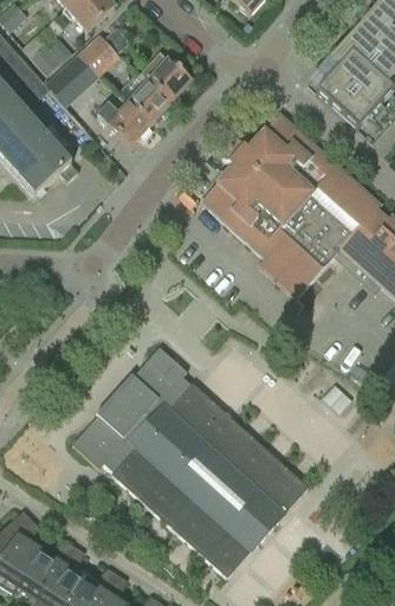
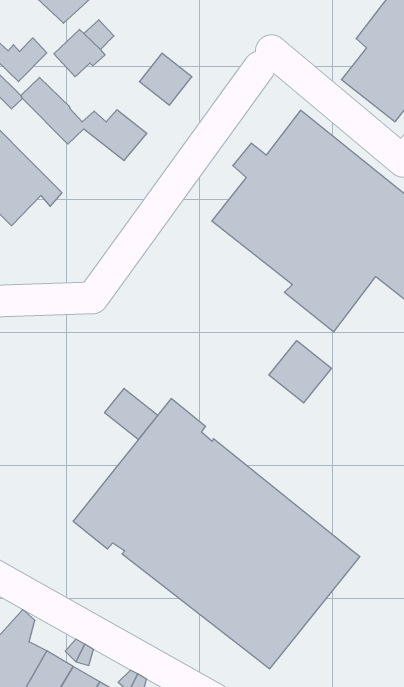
building: [127,80,170,124] -> none
building: none -> [269,341,331,403]
building: none -> [105,388,158,440]

